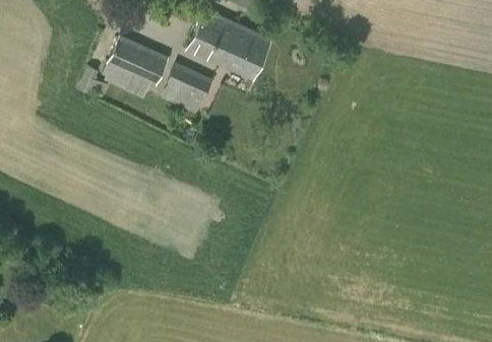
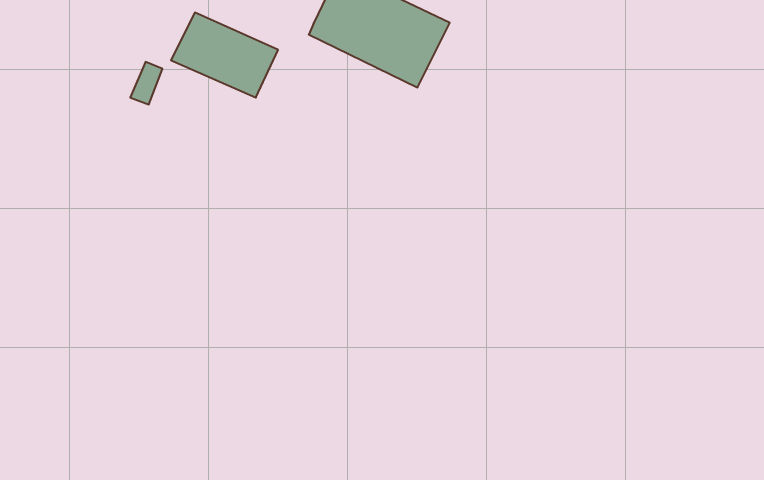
building: [166,65,212,102] -> none

